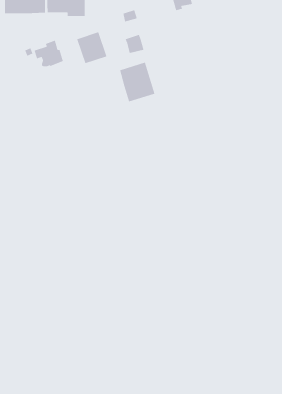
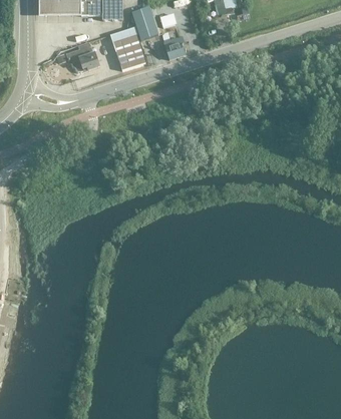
building: none -> [132,6,158,38]
building: [119,62,156,103] -> none

